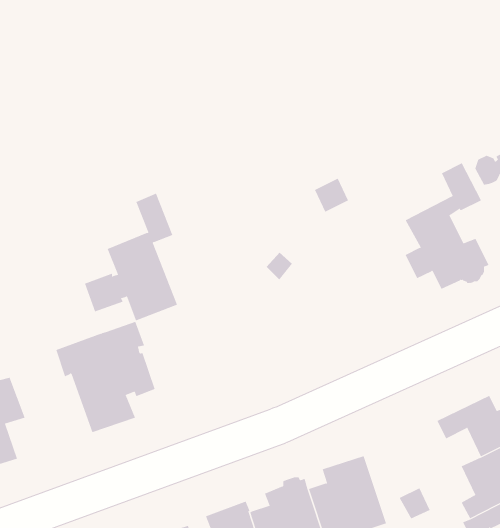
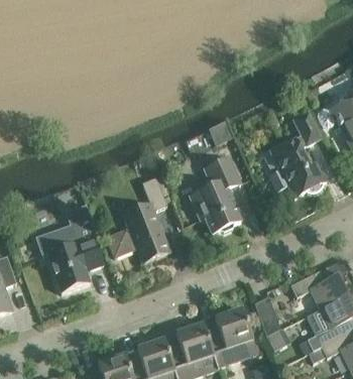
building: [84,193,178,321] -> [108,177,170,263]
building: none -> [191,157,241,235]
building: none -> [255,296,281,337]

